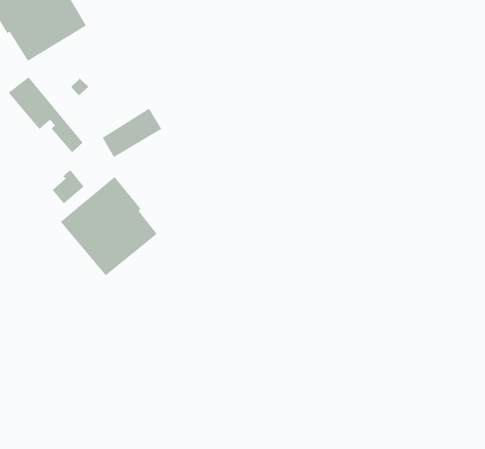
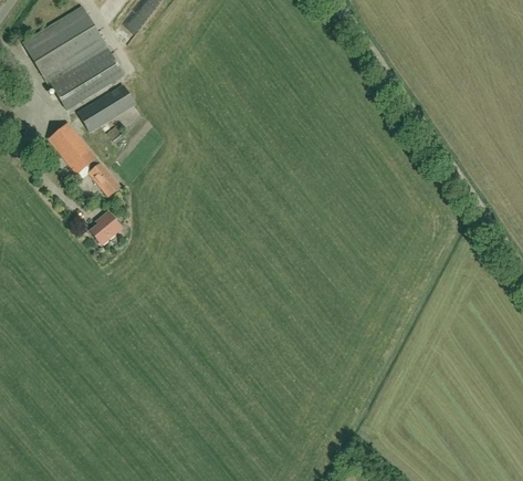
building: [102,108,162,158] -> [77,84,135,132]
building: [60,176,157,276] -> none

